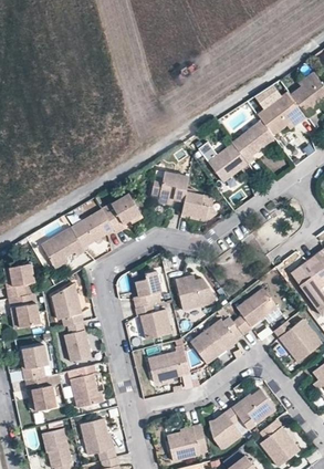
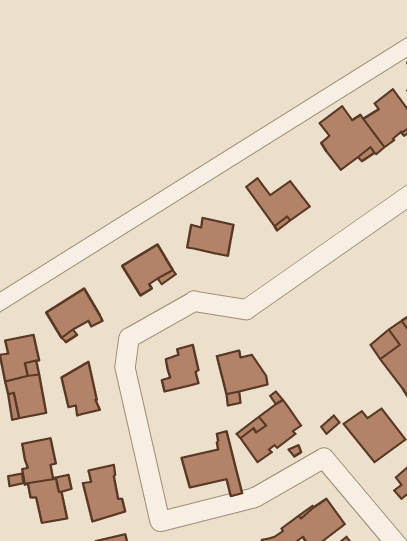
building: [230,119,273,163] -> none
building: [179,188,216,220] -> none
building: [70,209,112,248] -> none
building: [229,285,279,333] -> none
building: [133,303,170,338] -> none
building: [62,322,90,362] -> none

